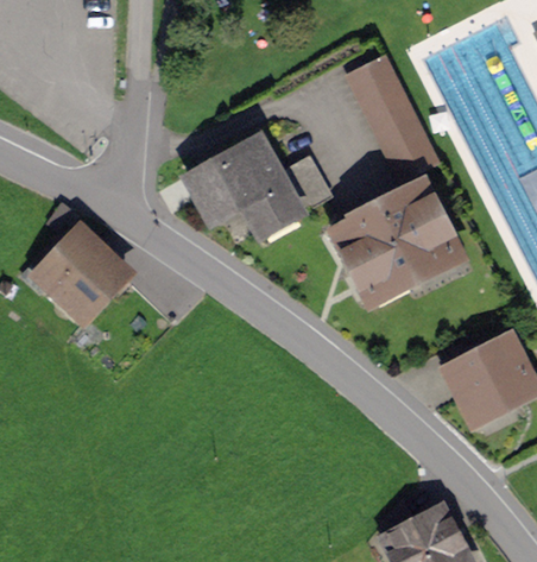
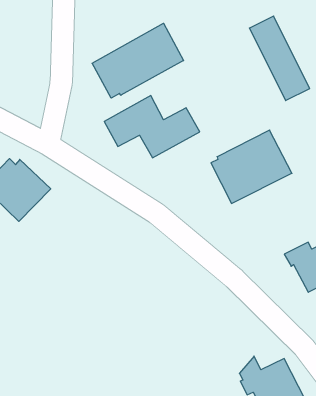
building: none -> [92,23,184,98]
building: [353,61,436,177] -> [249,16,310,101]

